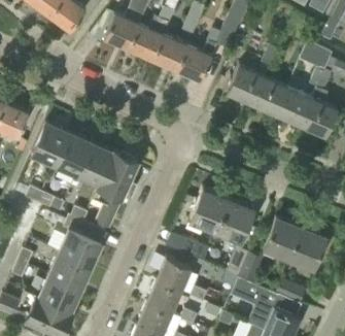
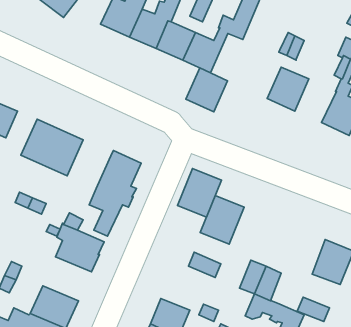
building: [226,64,263,103] -> [186,68,228,112]
building: [275,86,312,125] -> none
building: [72,140,112,183] -> none
building: [216,200,255,243] -> [177,168,221,217]
building: [265,219,302,260] -> none
building: [50,244,94,283] -> none
building: [156,258,192,292] -> none

